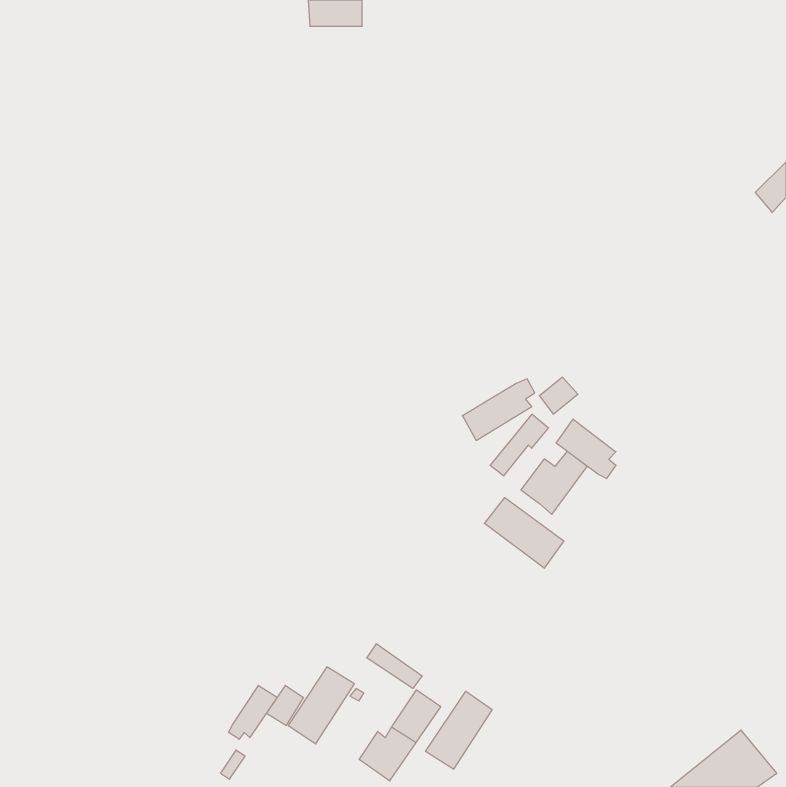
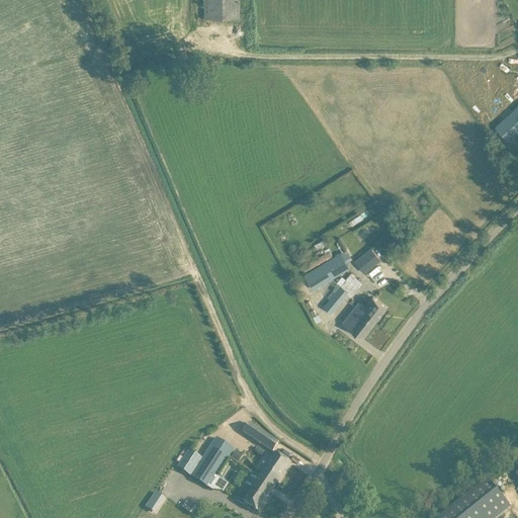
building: [556,419,616,479] -> none
building: [484,498,564,568] -> none
building: [229,685,277,739] -> none
building: [426,691,492,769] -> none

